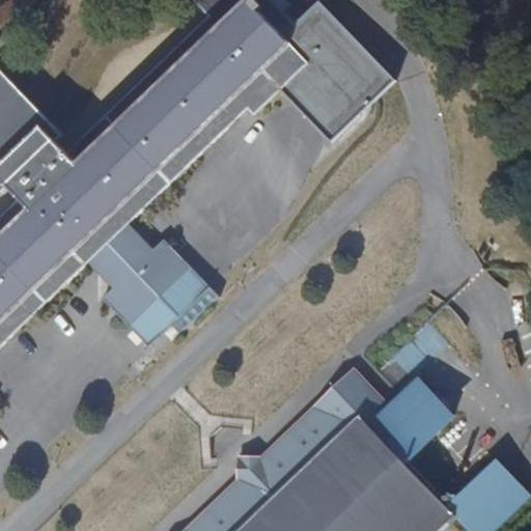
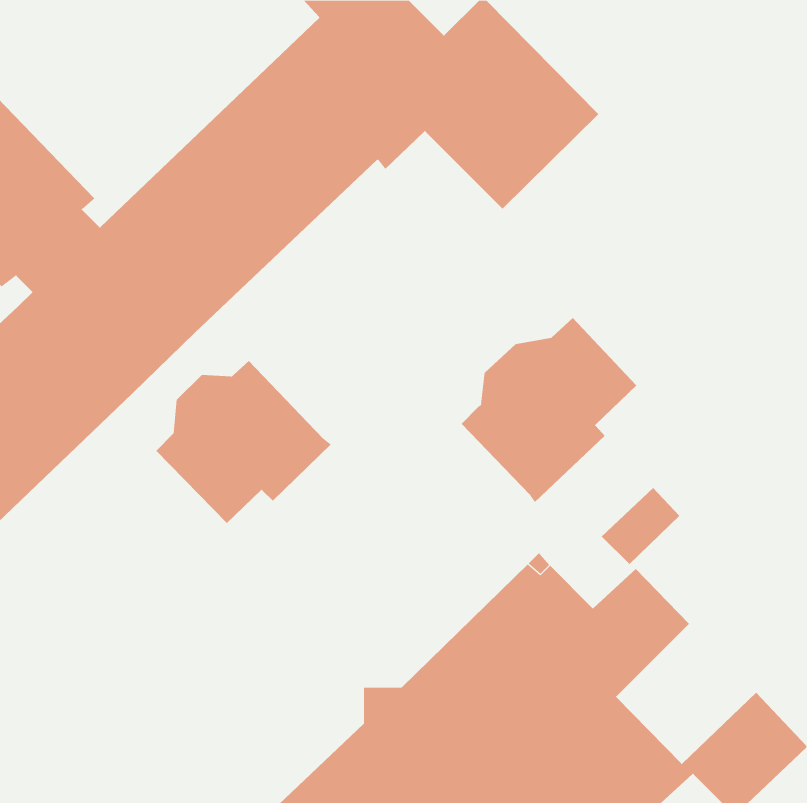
building: none -> [461,317,637,503]
building: [87,223,152,288] -> none

